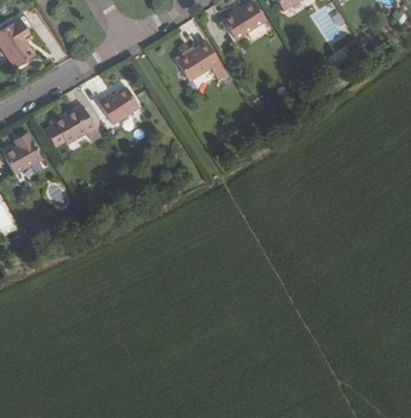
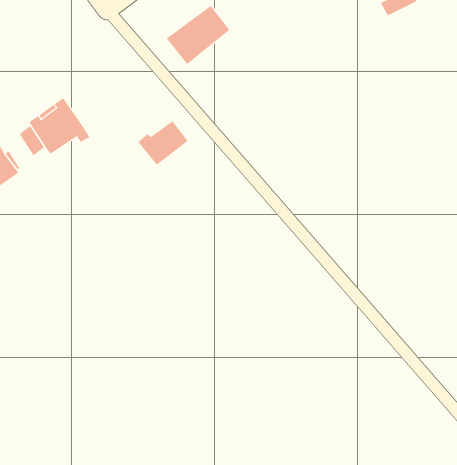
building: [100,87,139,120] -> [137,120,189,165]

